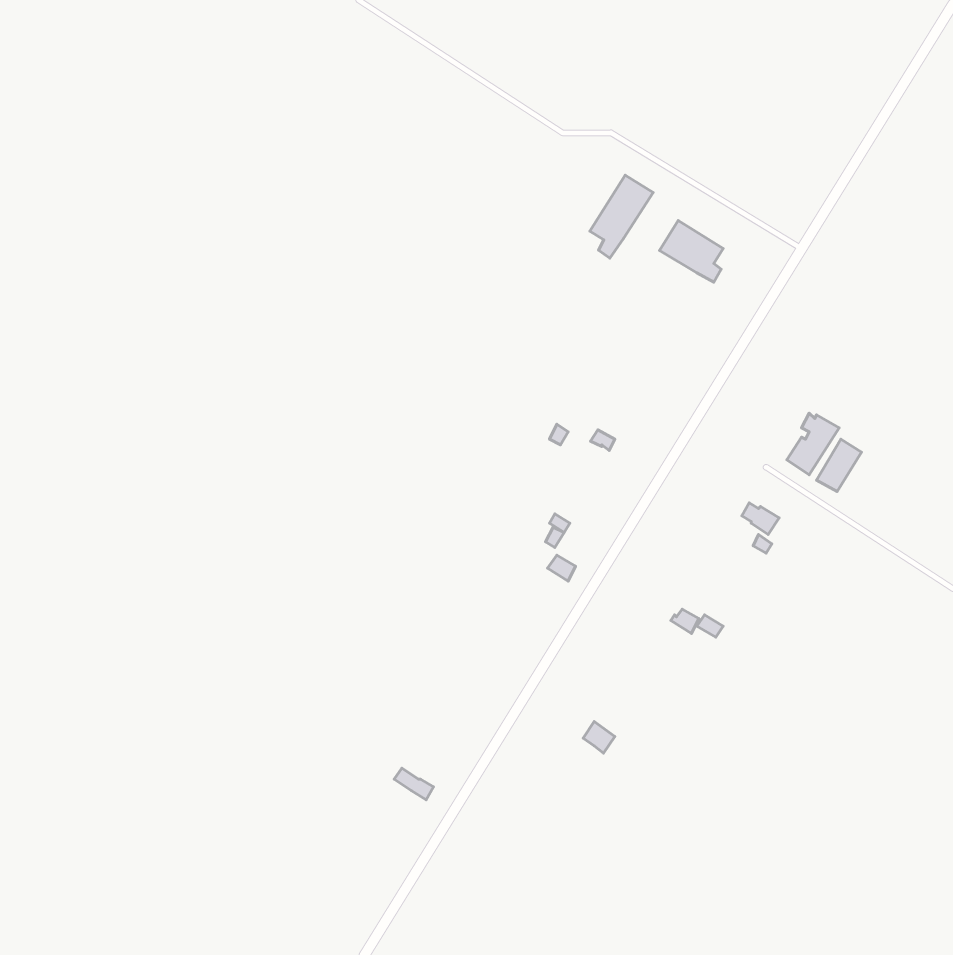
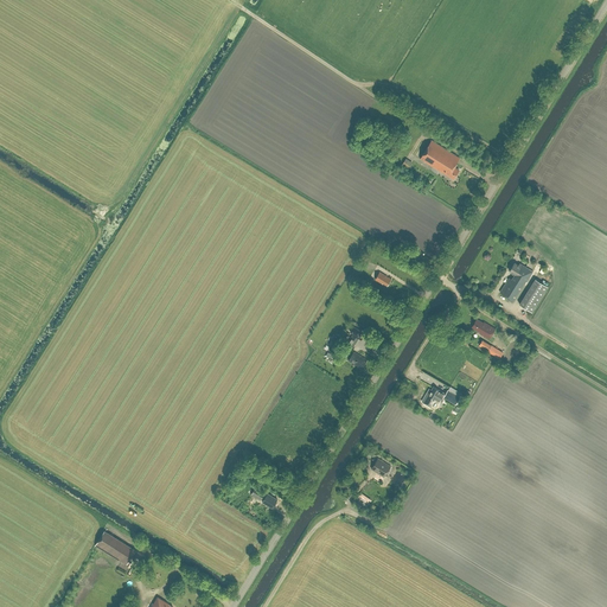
building: [590,175,653,258] -> none
building: none -> [94,530,135,564]

